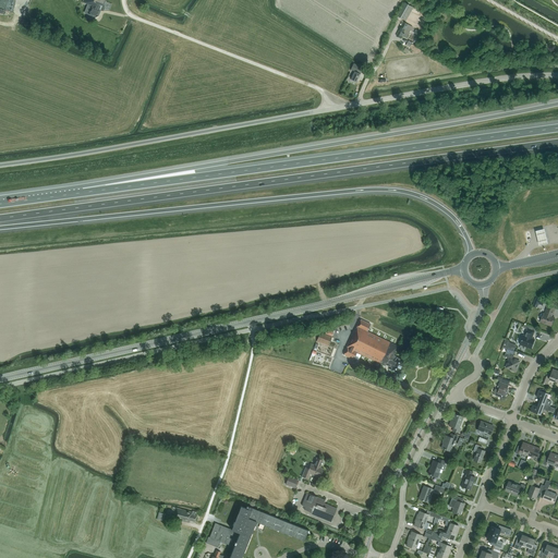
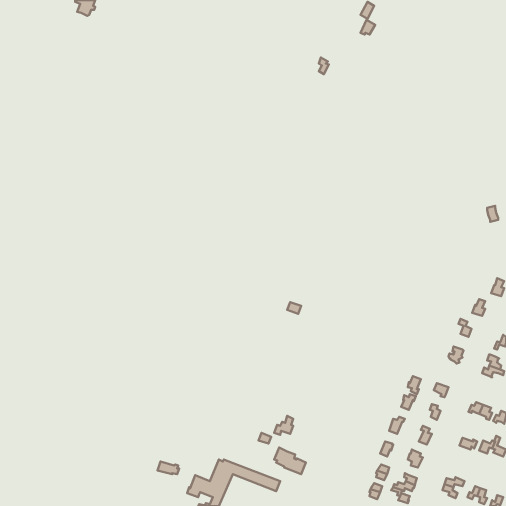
building: [344,319,403,374] -> none

